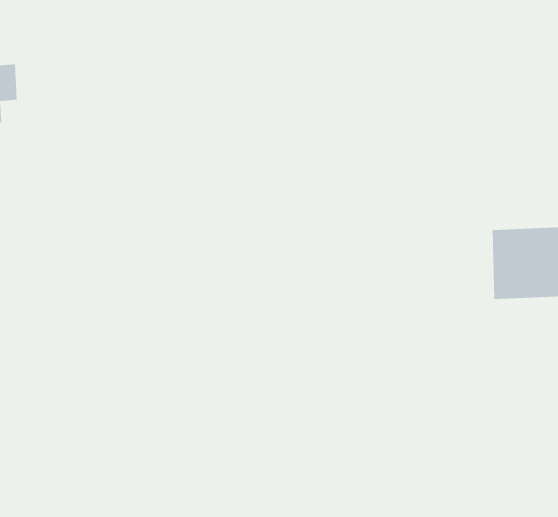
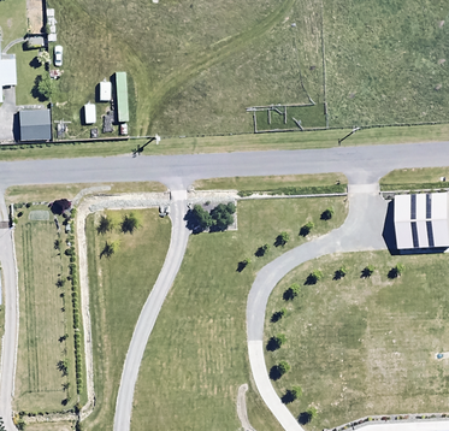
building: none -> [17,111,49,141]

